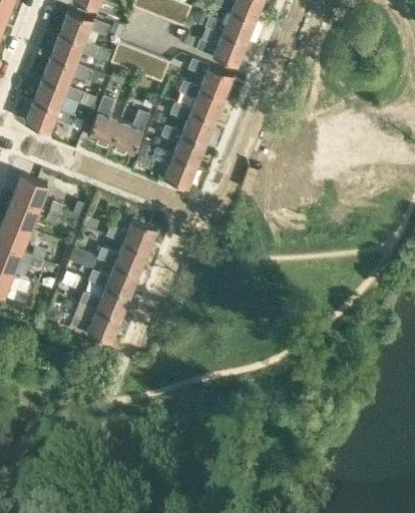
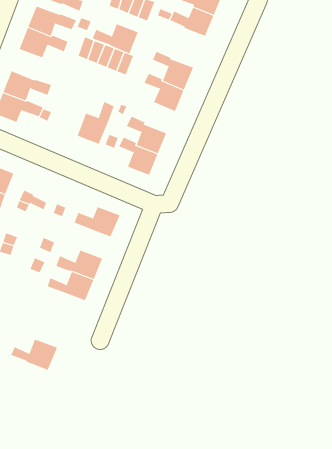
building: [196,34,245,66] -> [92,23,139,54]
building: [43,56,93,88] -> none
building: [88,96,120,146] -> none
building: [172,103,214,143] -> none
building: [99,242,146,274] -> none
building: [71,309,120,342] -> [10,339,58,371]

